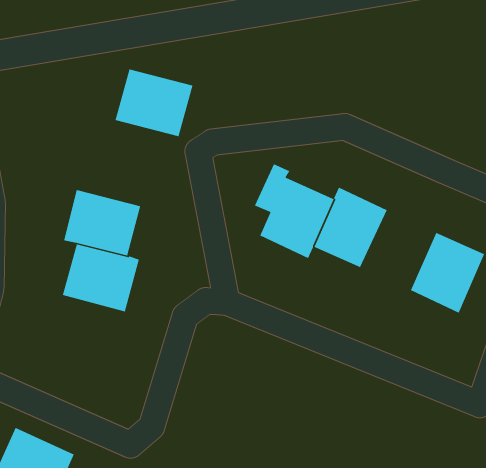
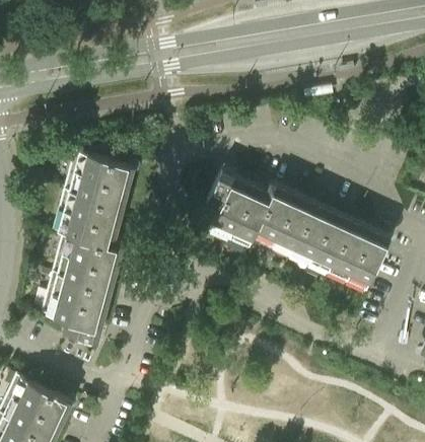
building: [114,68,194,137] -> [68,150,130,204]
building: none -> [290,207,349,270]
building: none -> [47,274,107,341]

